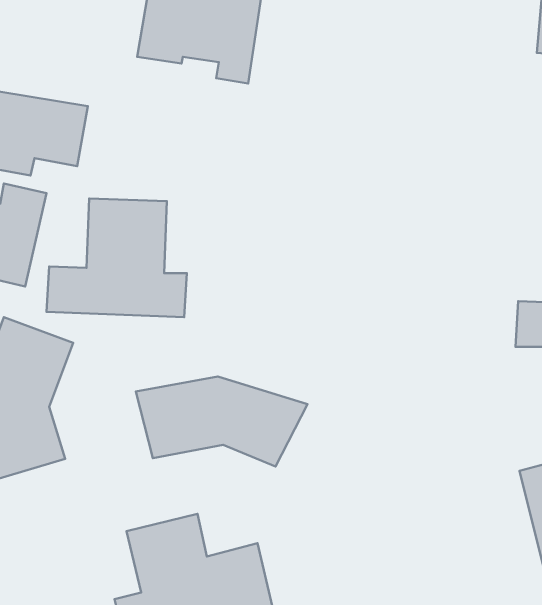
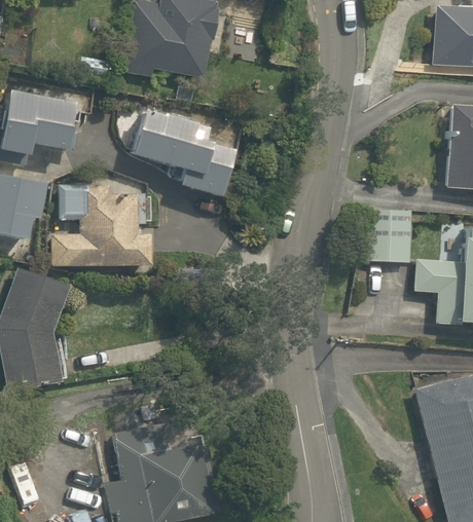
building: none -> [131,109,246,201]
building: none -> [363,208,409,262]
building: [136,376,308,466] -> none

